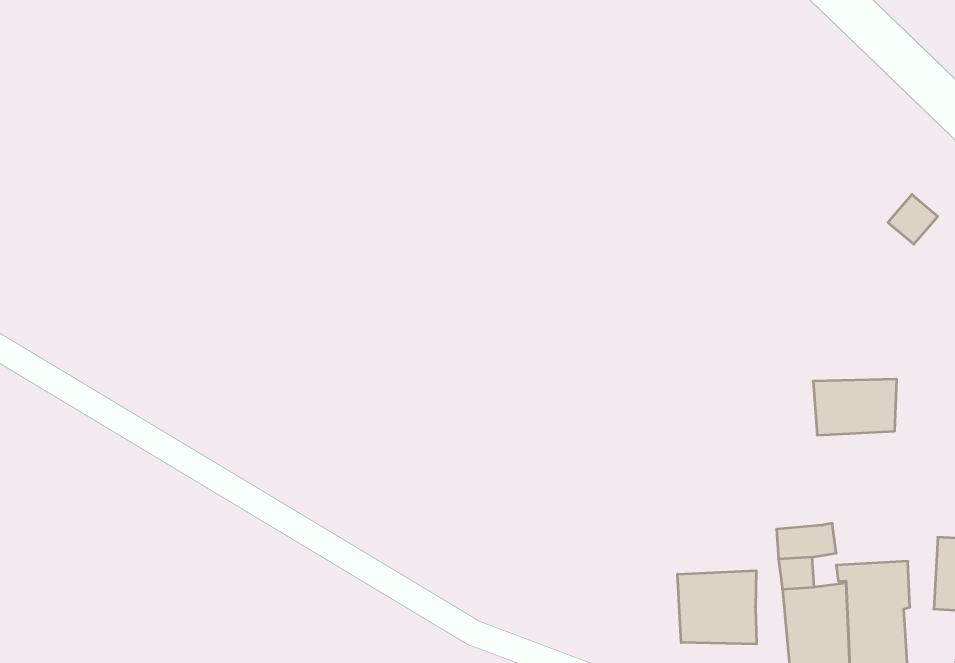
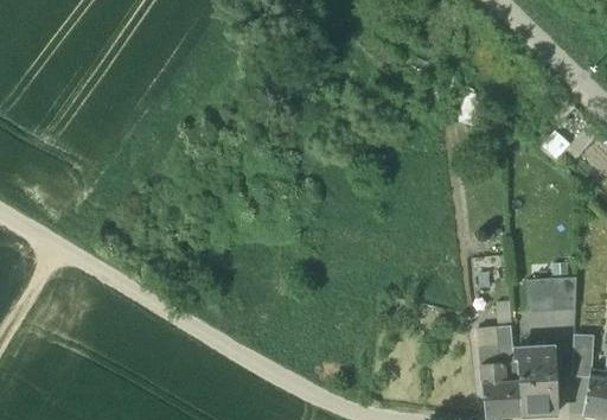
building: [813,379,897,435] -> [526,278,576,311]
building: [678,571,756,644] -> none

